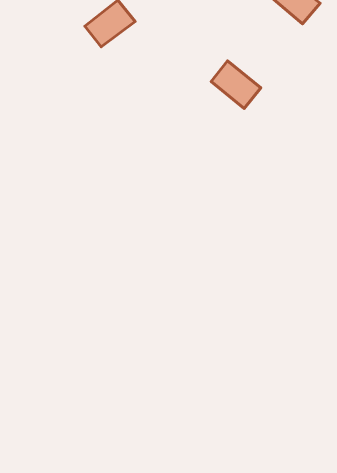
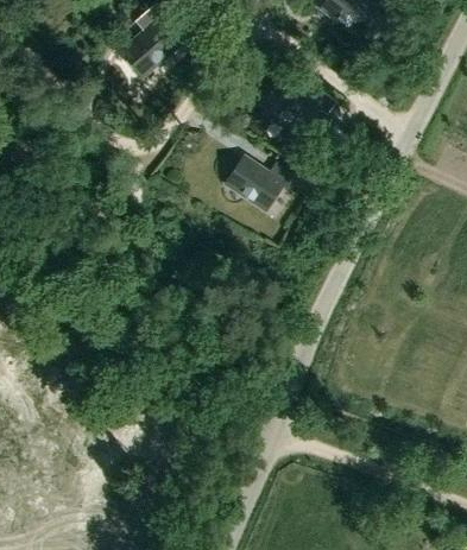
building: none -> [226,156,280,206]

